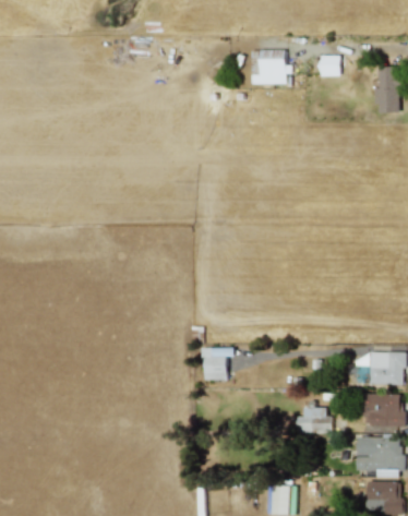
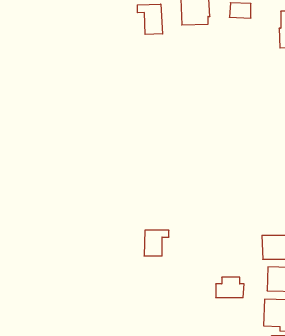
building: none -> [137,4,163,34]

